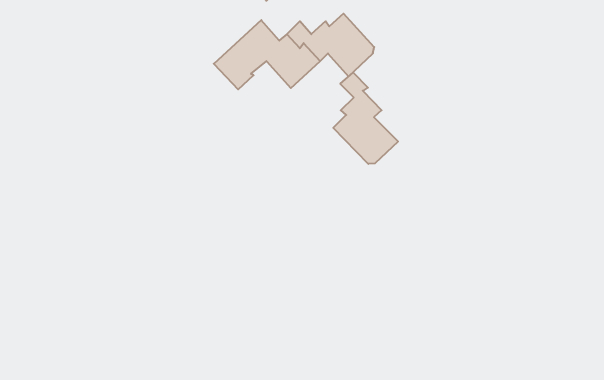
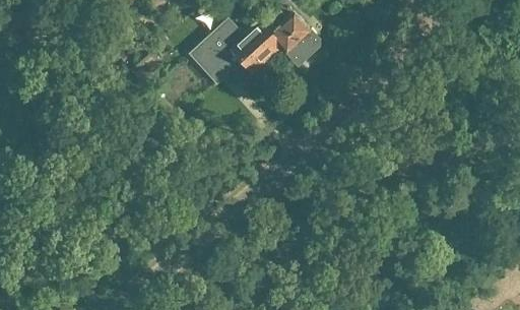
building: [333,72,398,164] -> none

